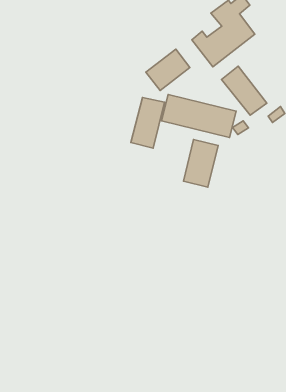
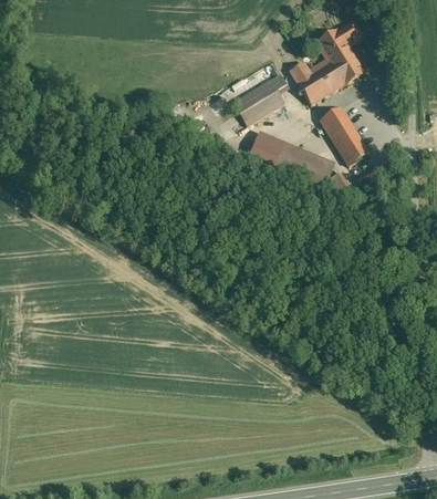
building: [131,97,164,148] -> none
building: [183,139,218,187] -> none

